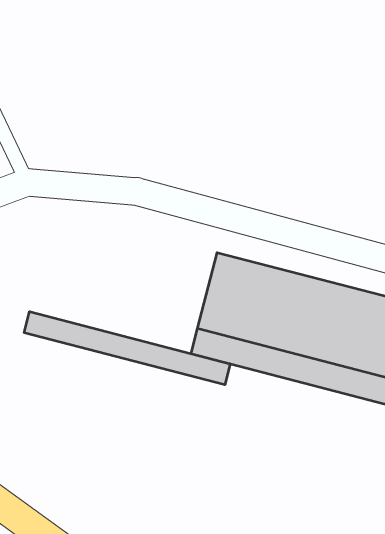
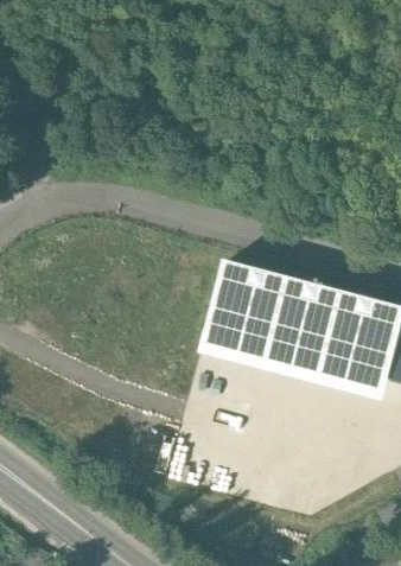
building: [24,312,230,385] -> none

